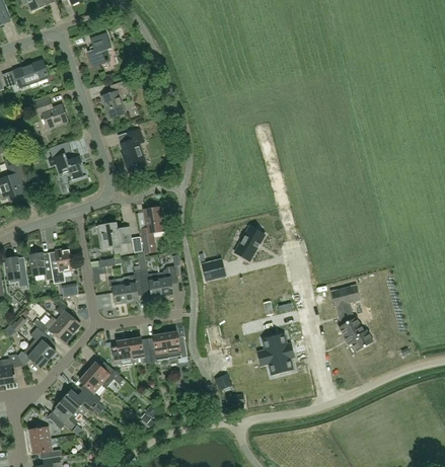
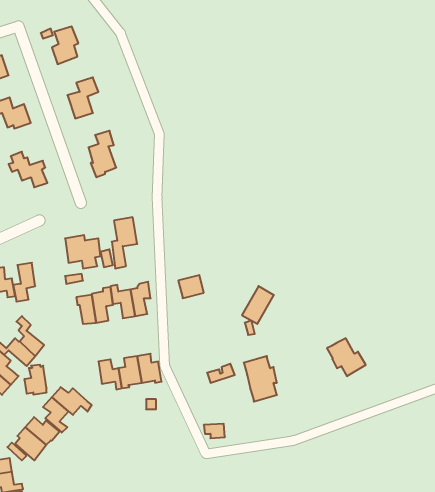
building: [234,226,264,260] -> [242,286,274,324]
building: [330,285,359,324] -> none
building: [112,337,132,365] -> [24,365,47,395]

